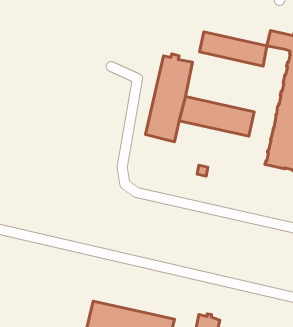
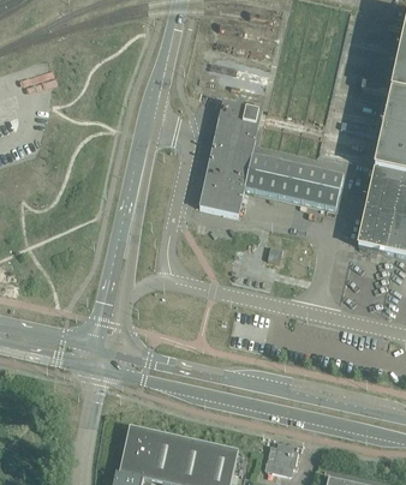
building: [199,32,267,66] -> none

